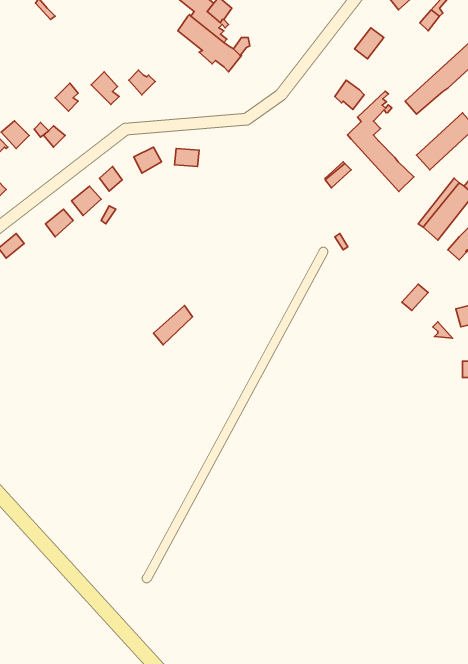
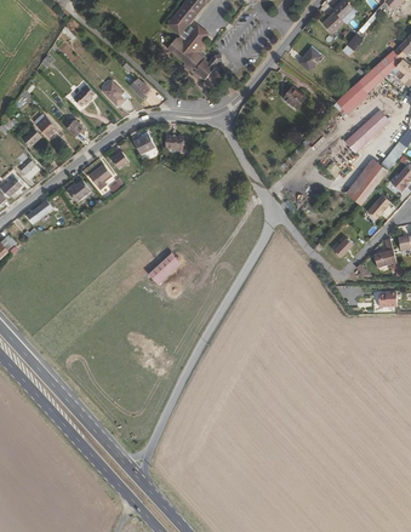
building: [347,91,414,191] -> none

